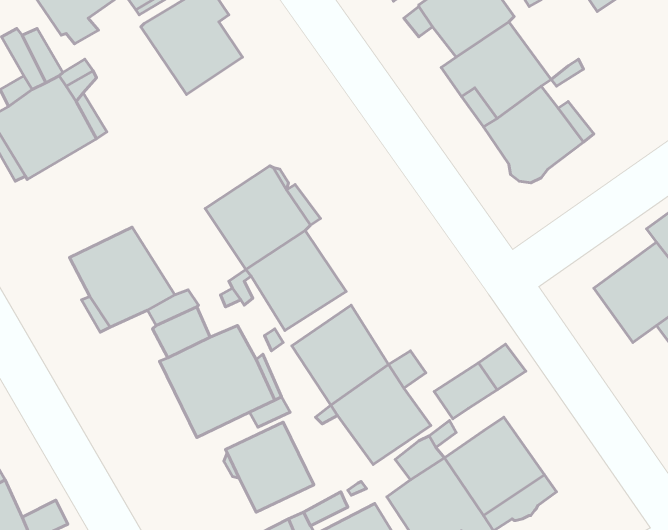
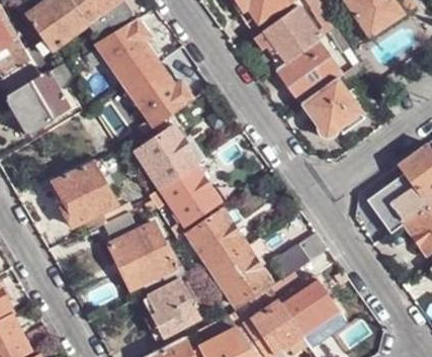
building: none -> [123,62,192,124]

